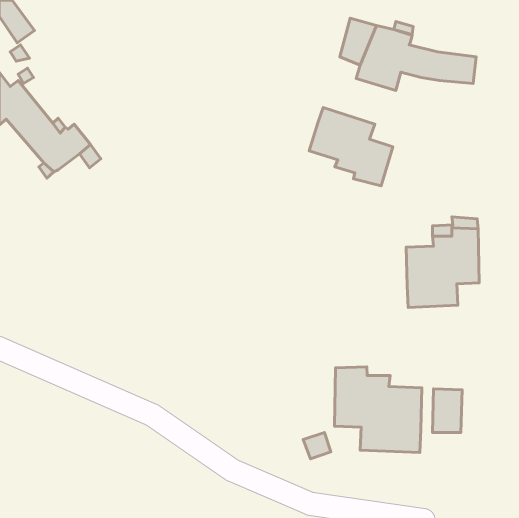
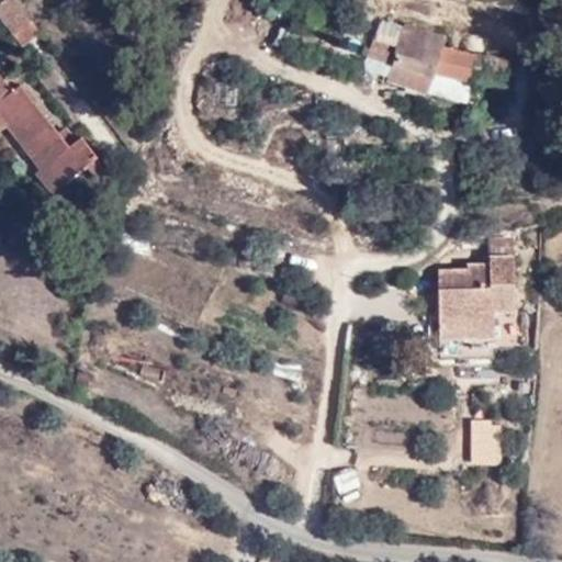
building: [309,108,393,186] -> none
building: [334,367,422,452] -> none

